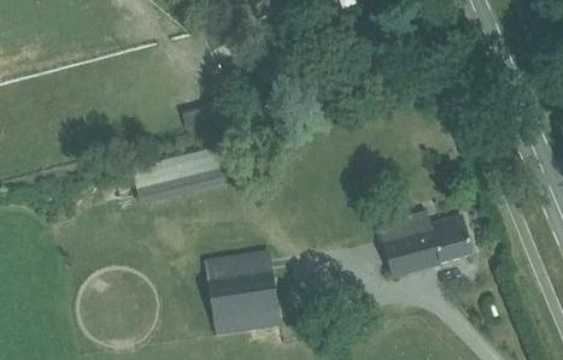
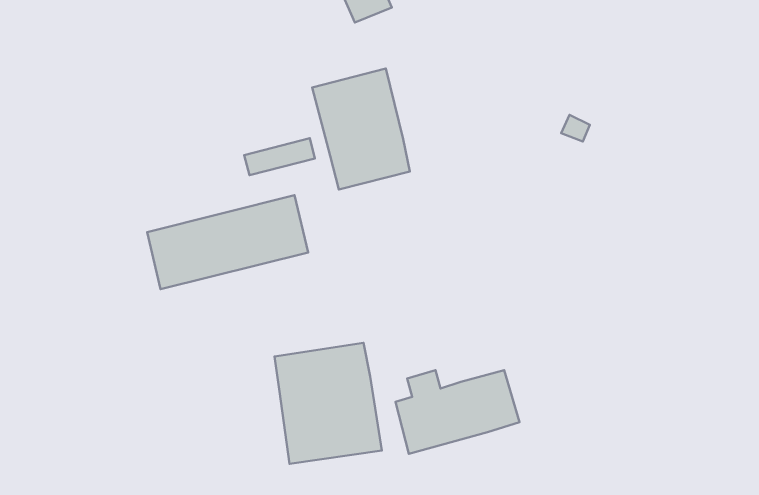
building: none -> [312,69,410,189]
building: [382,217,471,277] -> [395,370,519,454]

